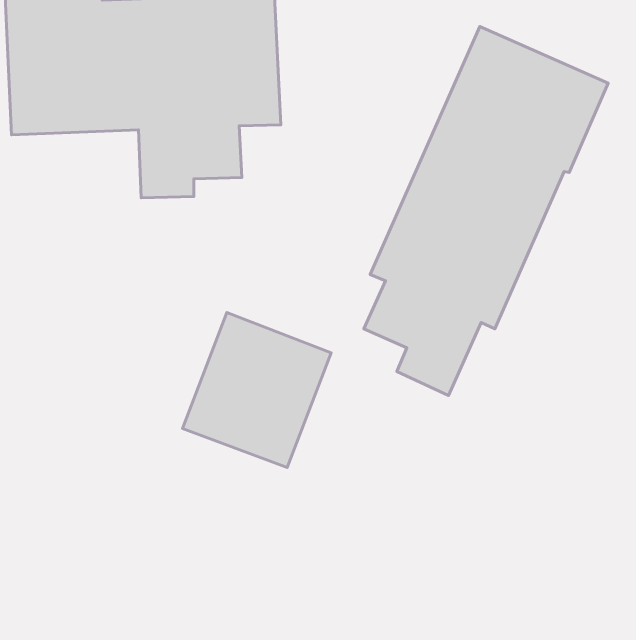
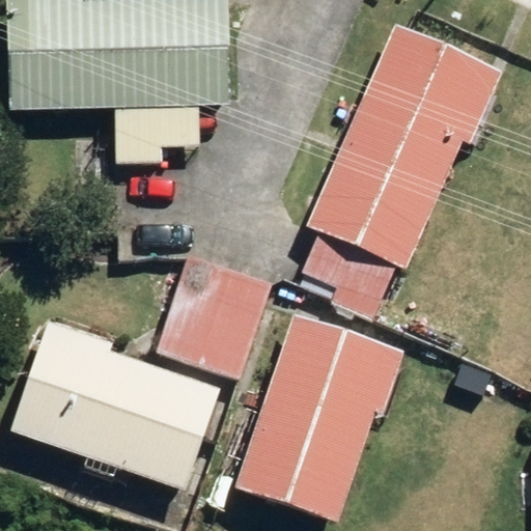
building: none -> [234,311,406,522]
building: none -> [10,314,221,488]

